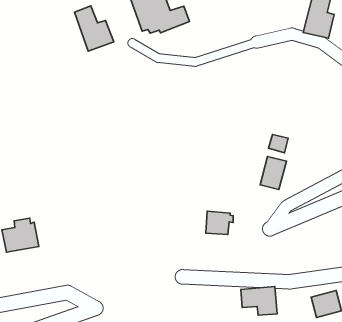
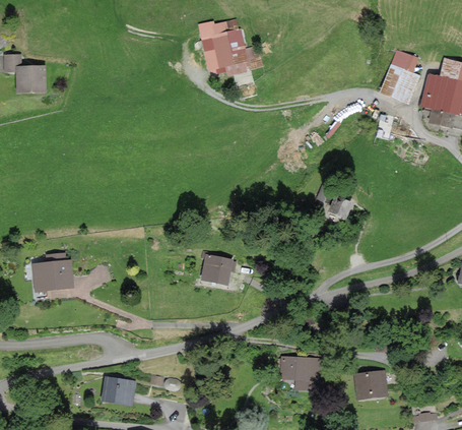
building: [74,6,114,51] -> none
building: [260,156,286,189] -> none
building: [206,211,233,234] -> [202,255,234,283]

